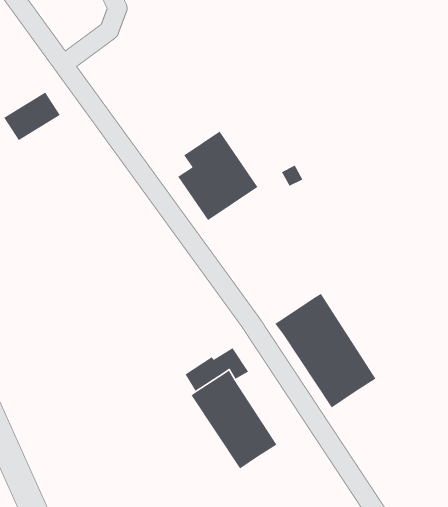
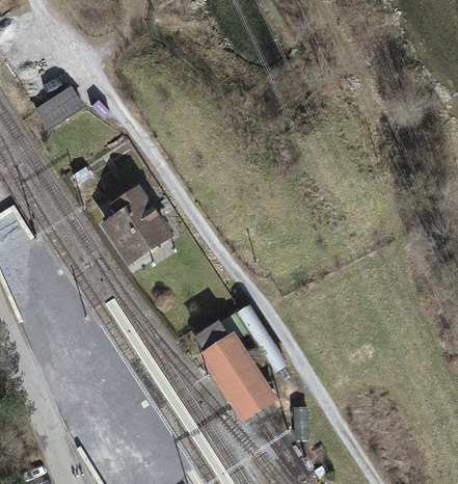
building: [177,131,259,221] -> [102,184,173,264]
building: [274,293,377,408] -> none

